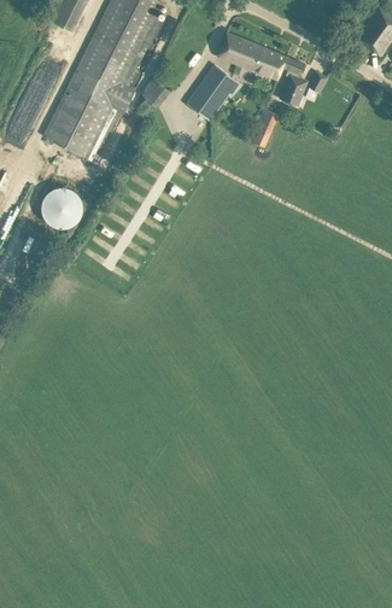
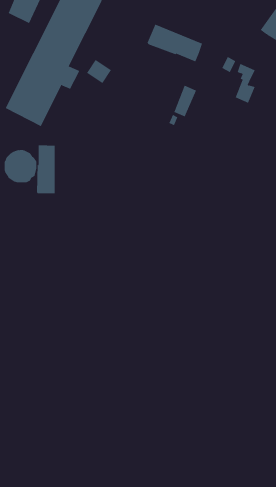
building: [280,55,305,105] -> [235,63,255,104]
building: [180,64,242,121] -> none
building: none -> [37,145,55,194]

